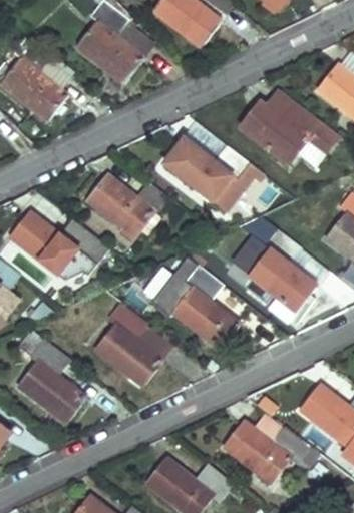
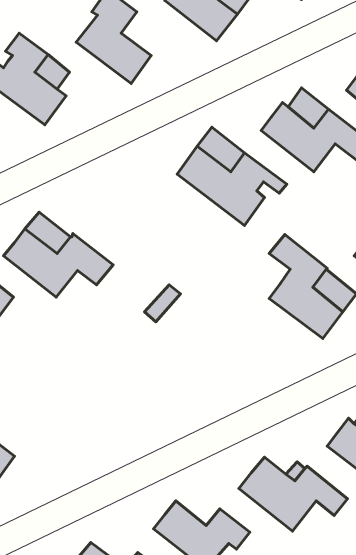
building: [115,20,156,59] -> none
building: [85,175,181,239] -> none
building: [161,254,239,350] -> none
building: [94,304,161,387] -> none
building: [17,331,84,424] -> none

